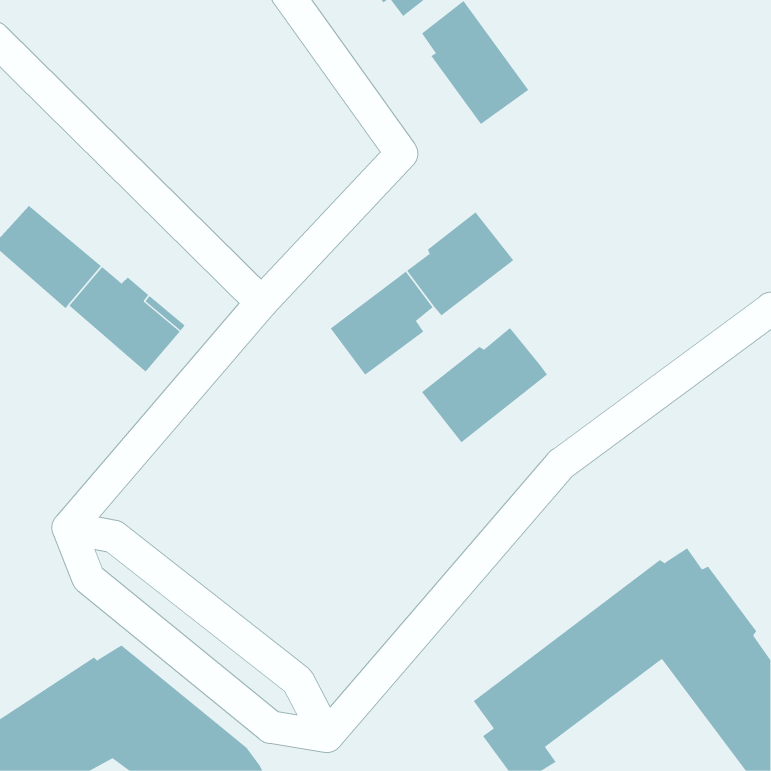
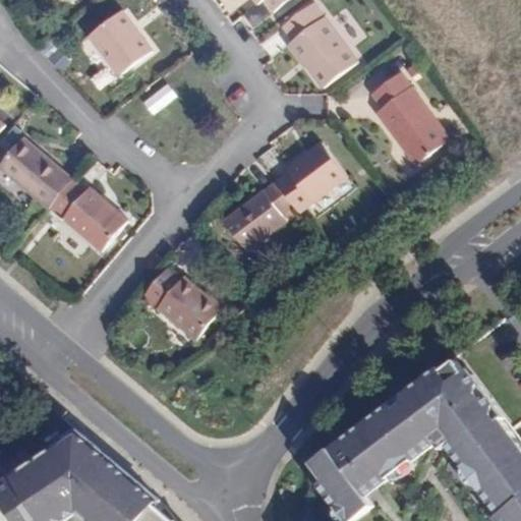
building: none -> [88,13,149,75]
building: none -> [368,71,447,164]
building: [421,327,548,443] -> none
building: none -> [141,269,219,338]

